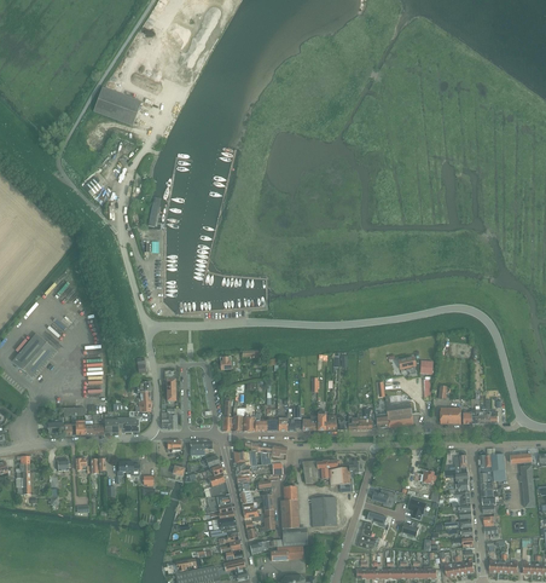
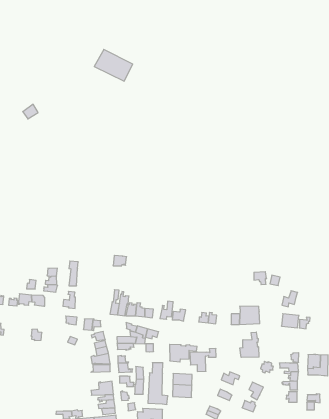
building: [93,87,141,125] -> [94,49,133,81]
building: none -> [240,332,259,357]

